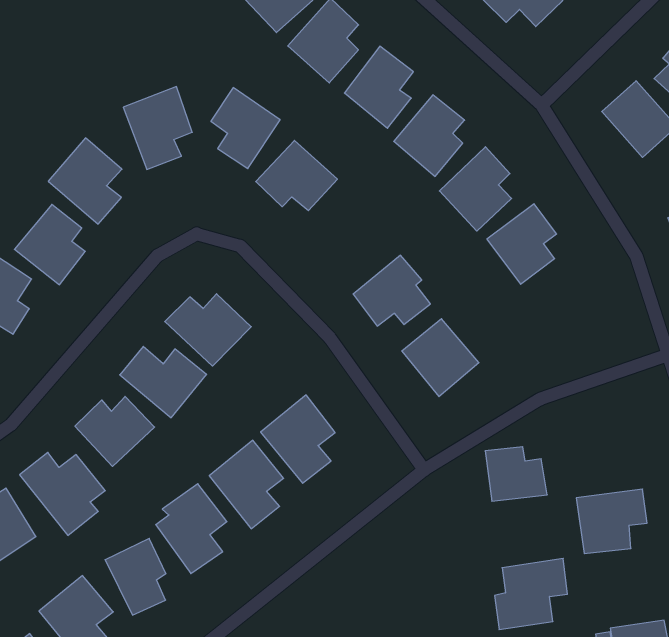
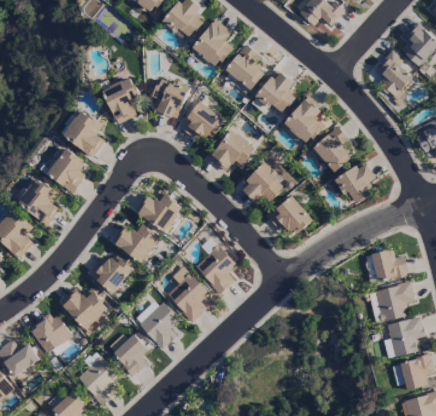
building: none -> [209,129,256,171]
building: none -> [334,161,375,201]
building: [485,447,547,501] -> [371,249,408,281]
building: [495,558,567,630] -> [383,316,424,359]

